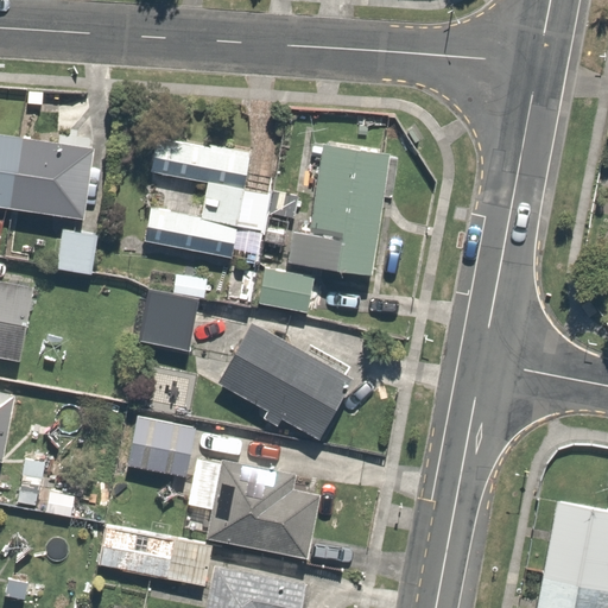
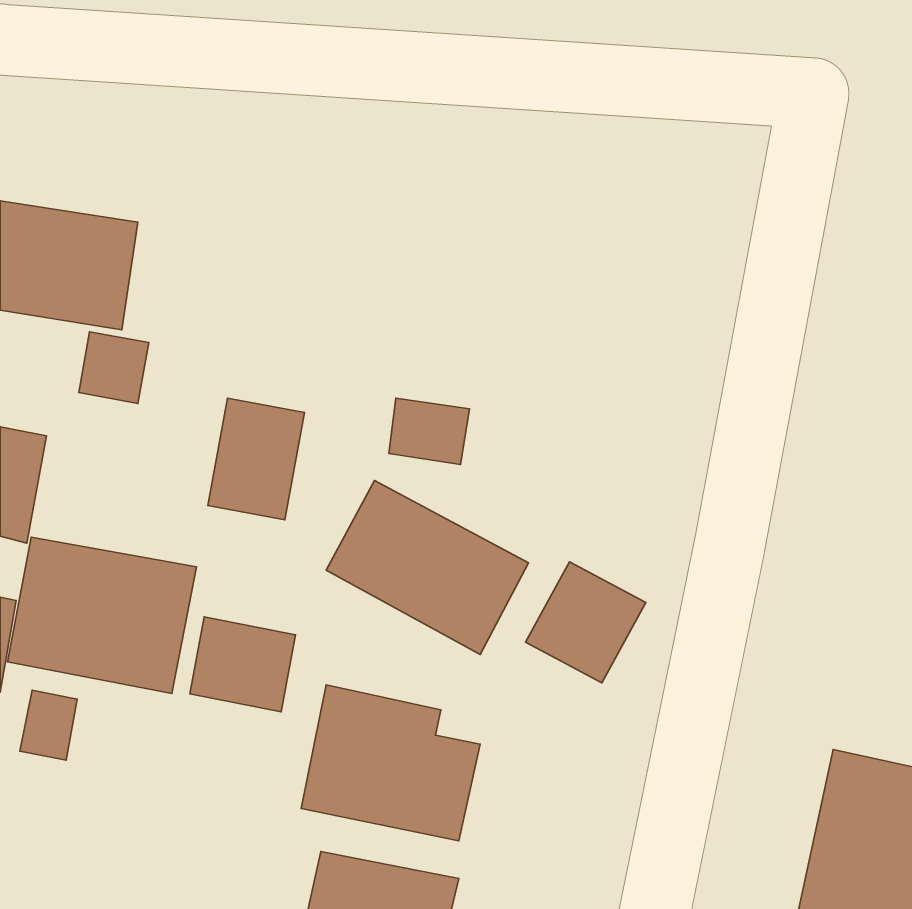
building: [290,145,387,272] -> none
building: [144,146,254,259] -> none
building: none -> [8,537,197,694]
building: none -> [526,562,646,683]
building: [99,524,213,585] -> none

